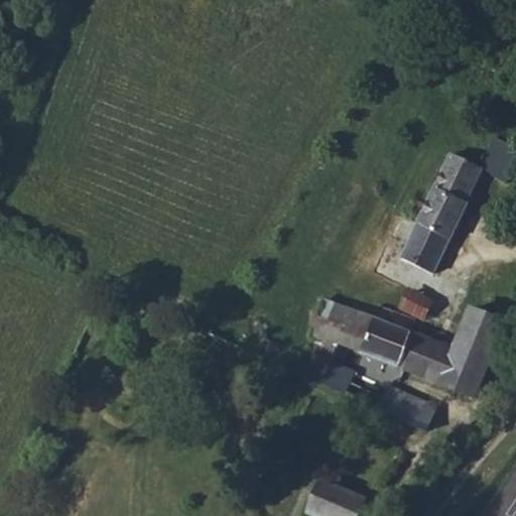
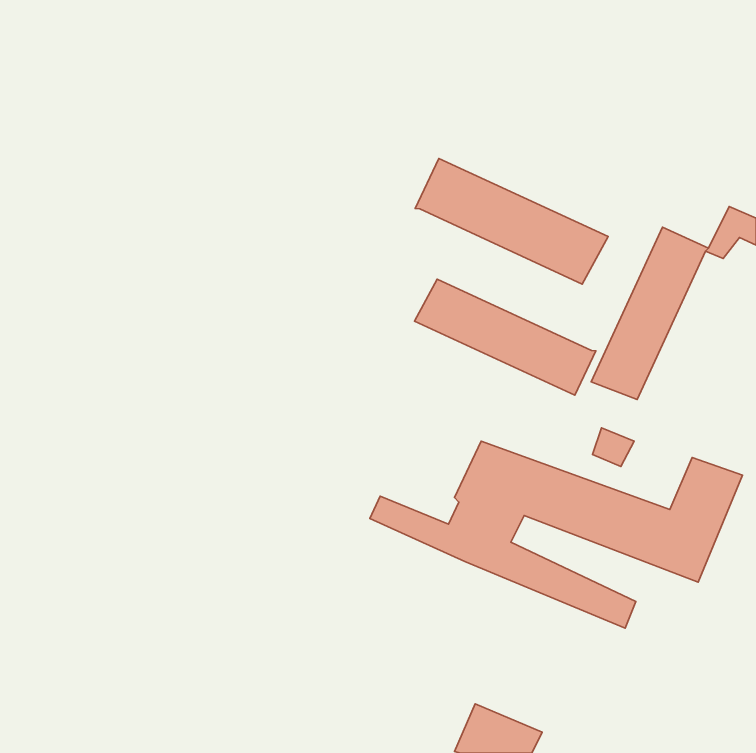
building: none -> [415,158,608,284]
building: none -> [414,279,596,395]

